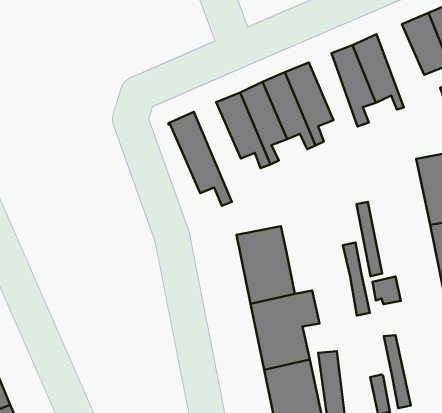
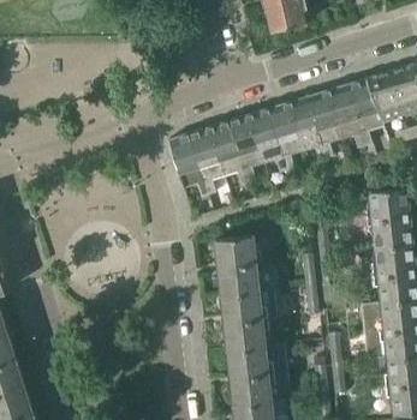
building: none -> [346,78,383,146]
building: none -> [288,96,323,161]
building: none -> [190,127,225,210]

